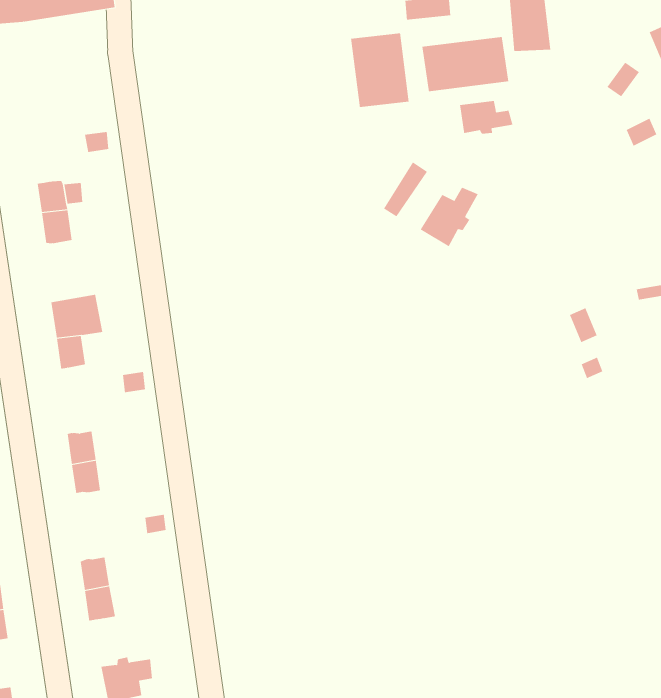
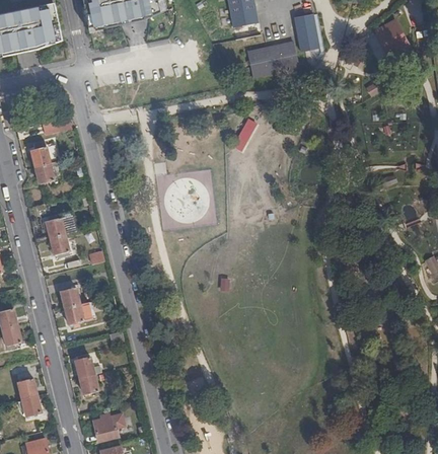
building: [351,33,409,108] -> none
building: [460,100,513,135] -> none
building: [420,187,479,247] -> none

